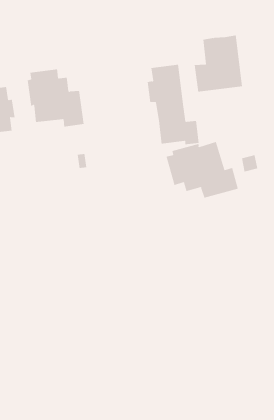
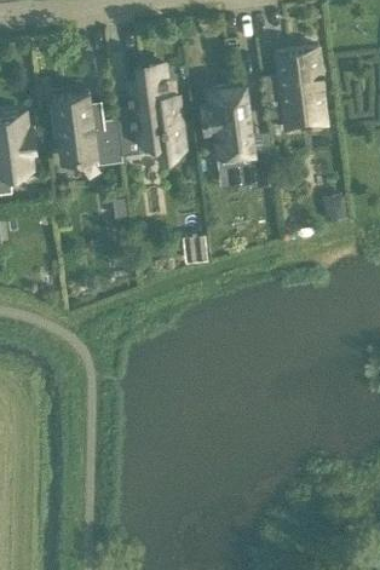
building: none -> [116,65,184,151]
building: [166,141,239,198] -> none

